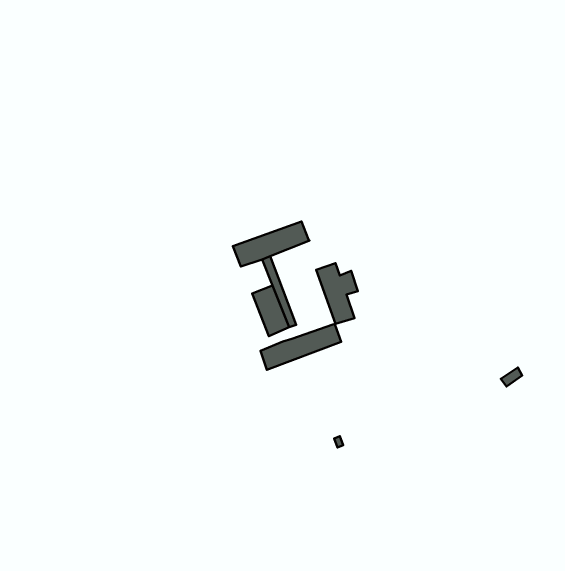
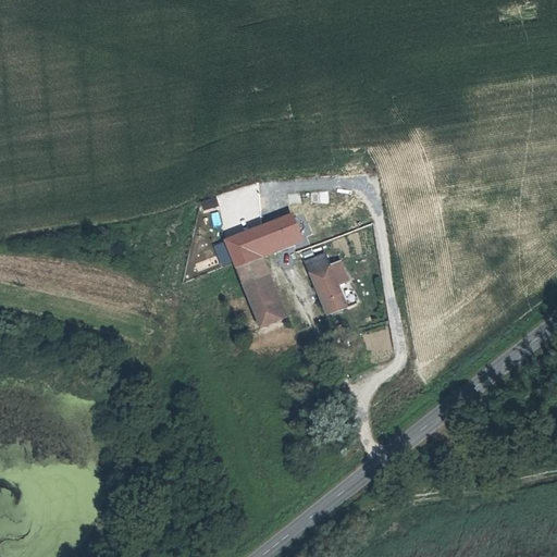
building: none -> [233,251,263,284]
building: [260,324,341,370] -> none

